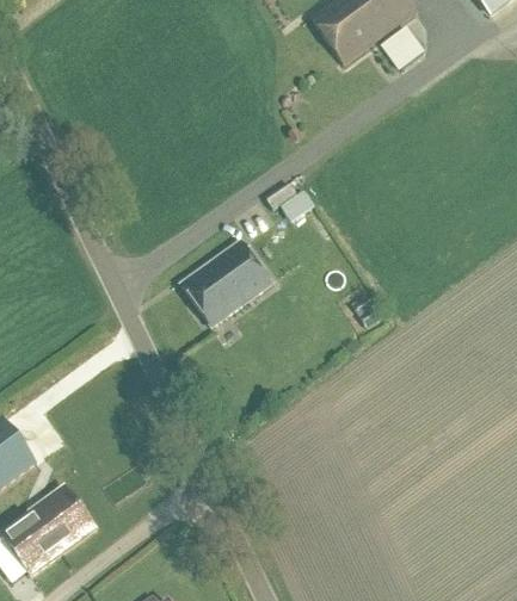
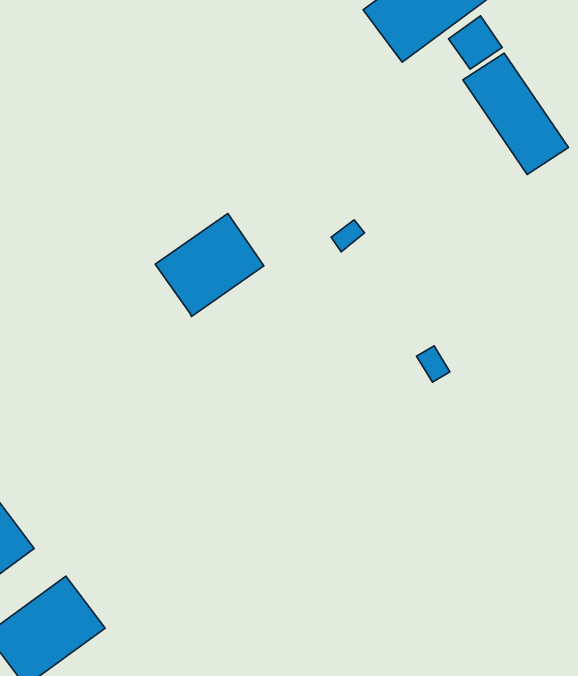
building: none -> [463,53,569,174]
building: [181,237,271,322] -> [155,214,264,316]

